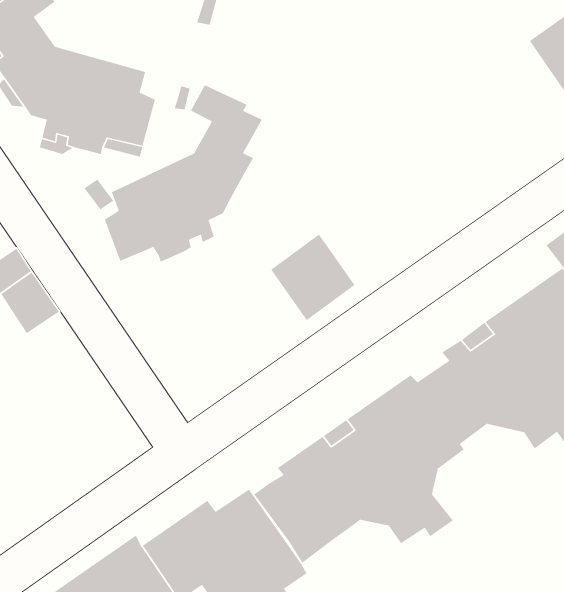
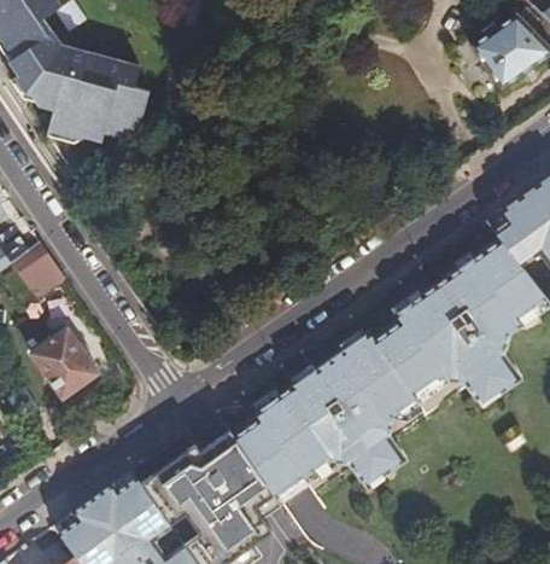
building: [104,84,262,263] -> none
building: [270,234,356,321] -> none
building: none -> [31,327,99,396]

